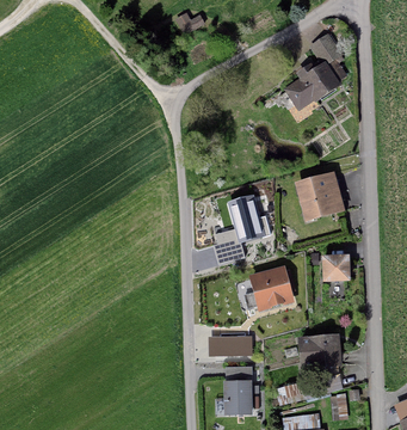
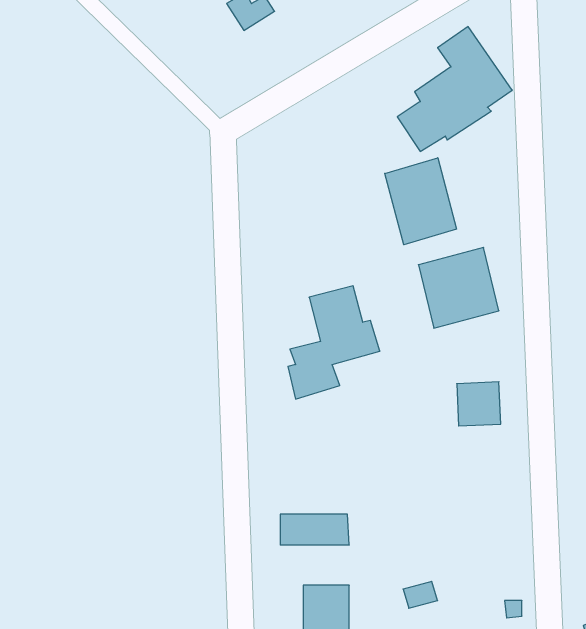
building: none -> [385,158,457,245]
building: [243,263,296,309] -> none
building: [297,333,343,366] -> none

